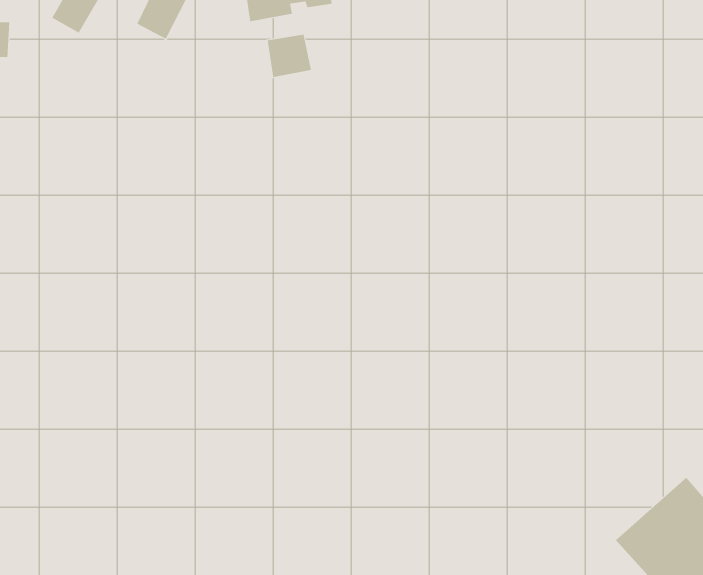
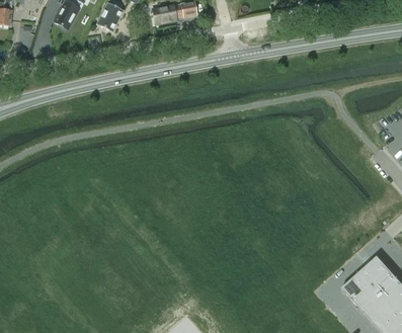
building: [267,34,311,78] -> none

